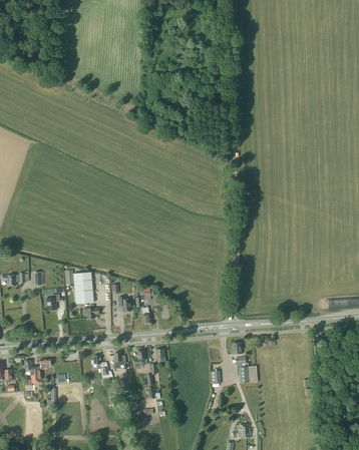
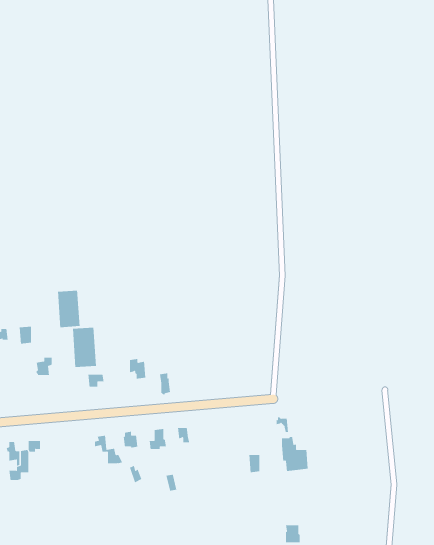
building: none -> [57,290,80,328]

